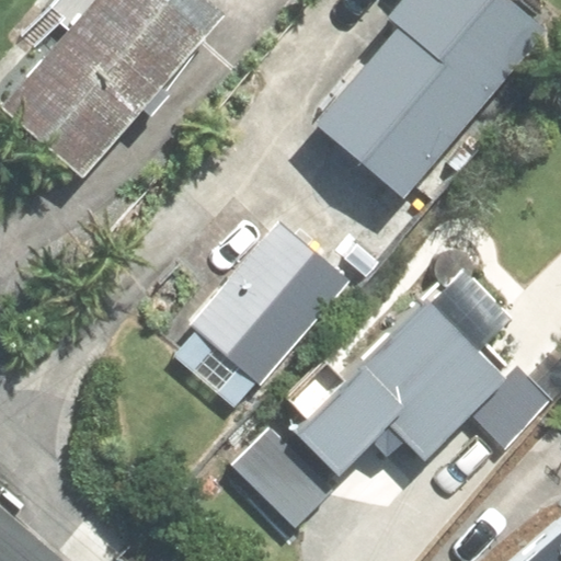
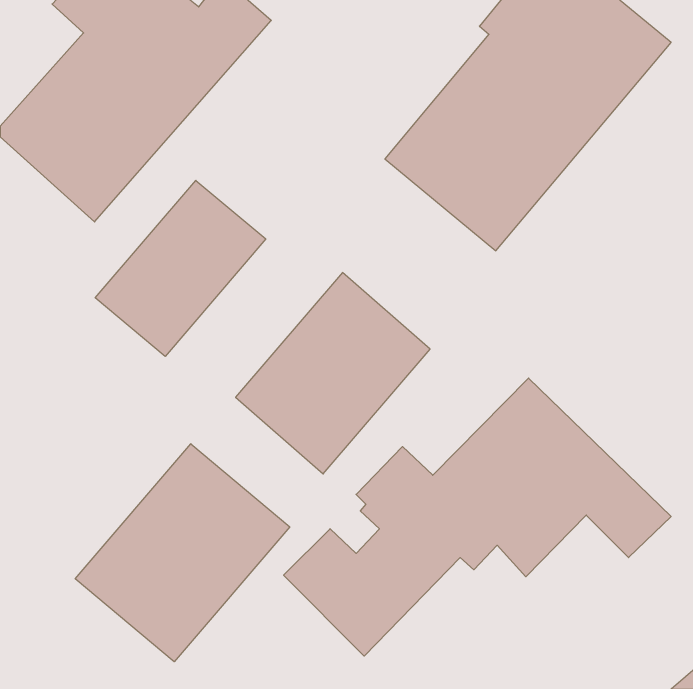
building: none -> [95,180,266,356]
building: none -> [75,444,290,662]

